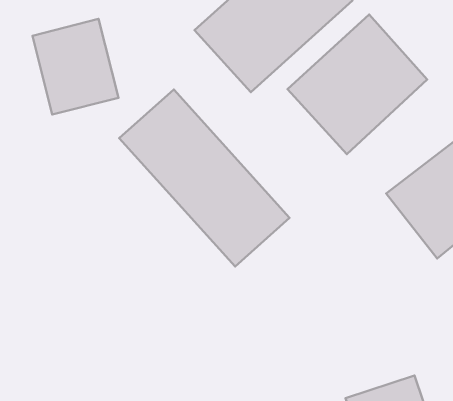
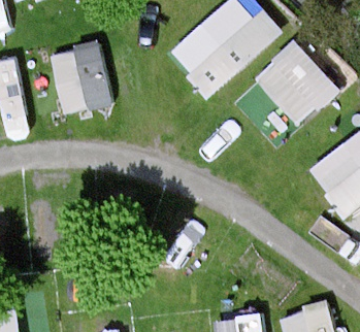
building: [119,89,290,266] -> none

